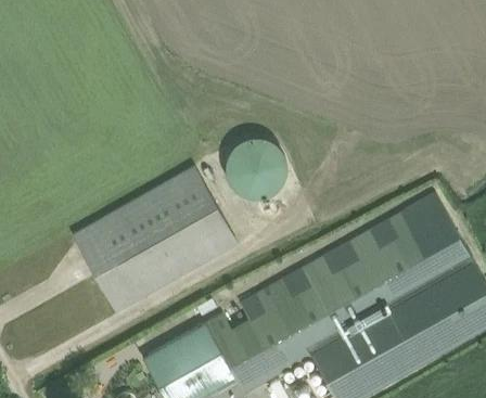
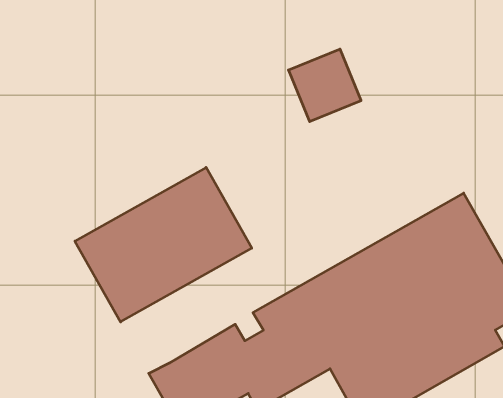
building: [230,133,297,201] -> [288,49,361,122]

